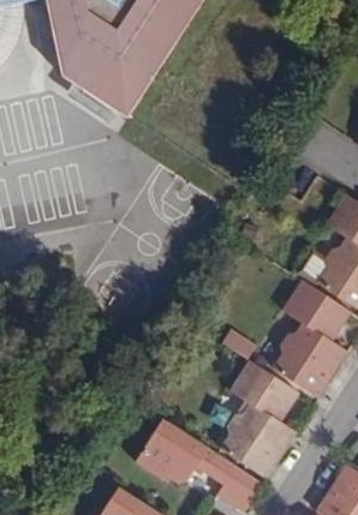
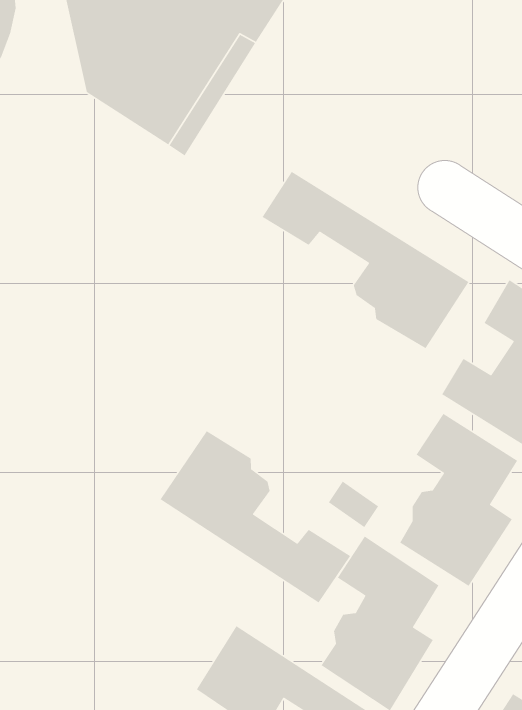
building: none -> [261,171,470,349]
building: none -> [160,430,351,604]

